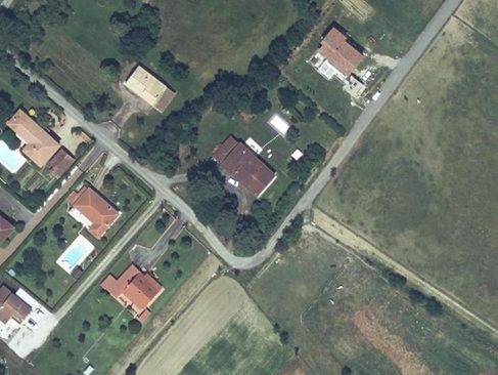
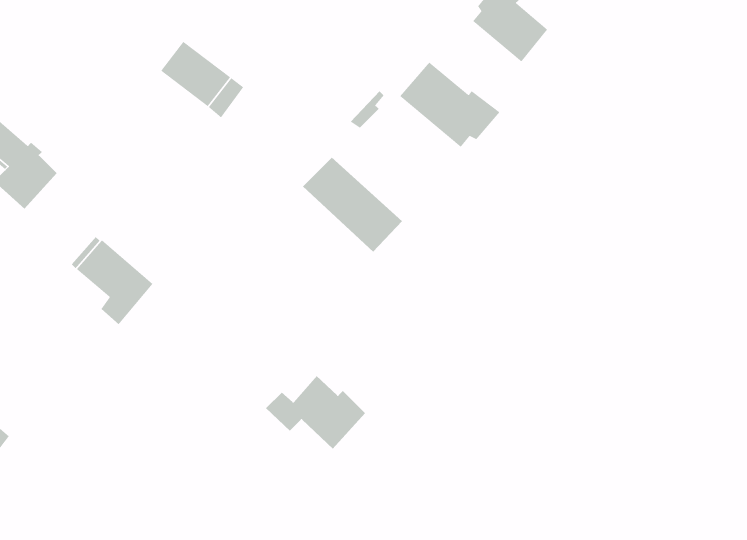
building: none -> [399,62,500,148]
building: [44,149,74,179] -> none
building: [99,263,162,309] -> [265,375,366,450]

